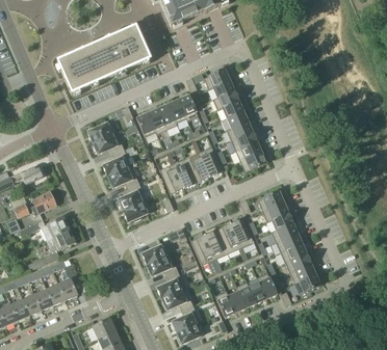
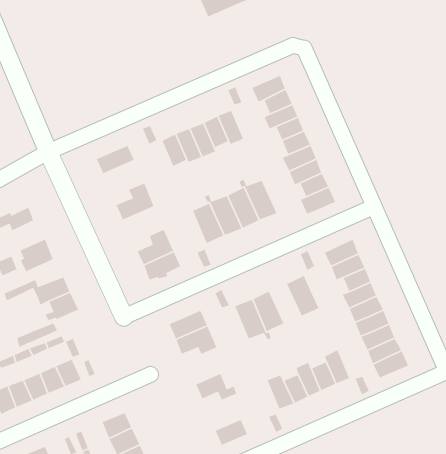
building: [56,24,149,91] -> none
building: [93,131,124,153] -> none
building: [107,165,138,187] -> none
building: [216,222,244,253] -> none
building: [156,270,185,297] -> none
building: [172,304,200,331] -> none

